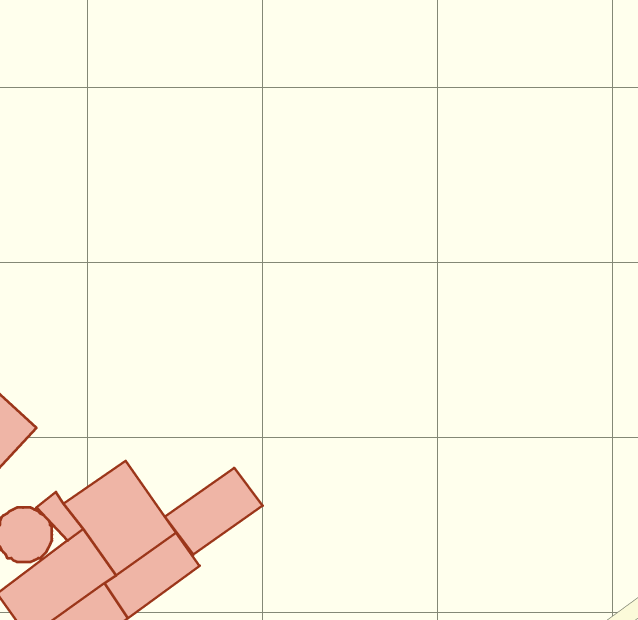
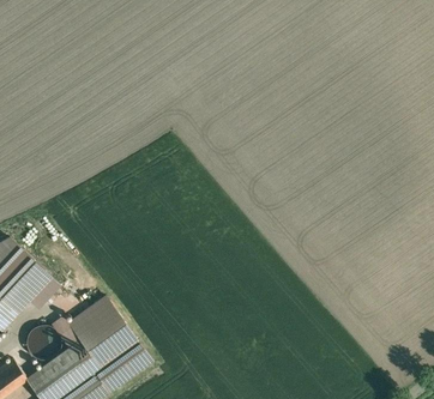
building: [165,468,263,555] -> none

